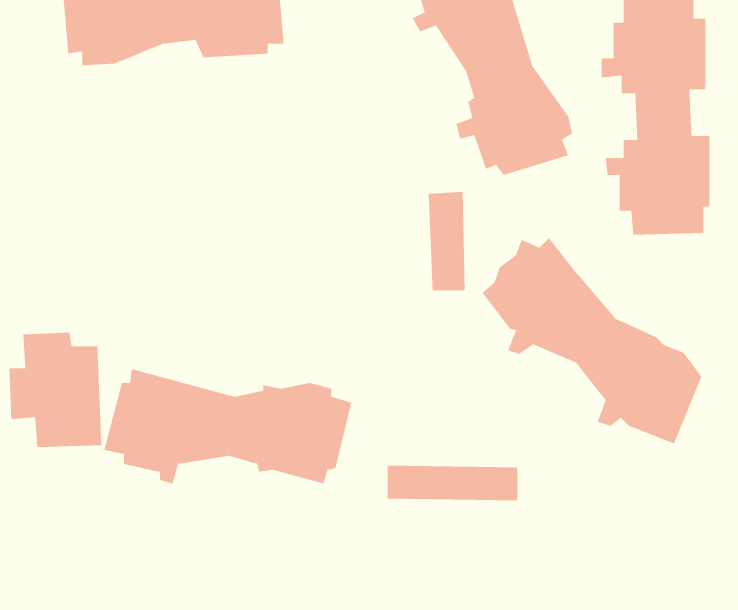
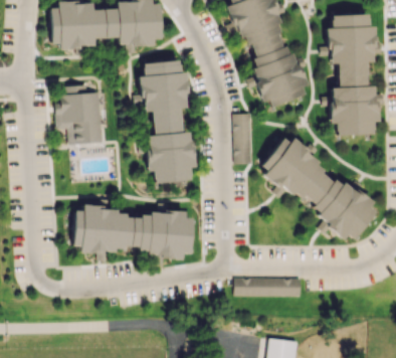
building: none -> [137,57,198,187]
building: [9,332,102,448] -> [56,85,104,144]
building: [387,465,518,501] -> [236,279,303,297]

